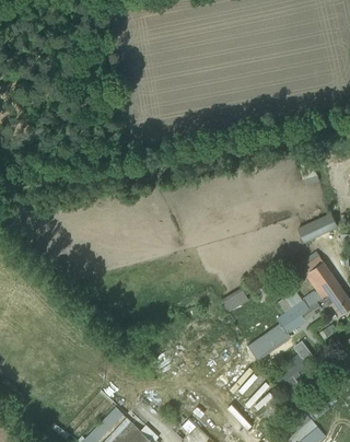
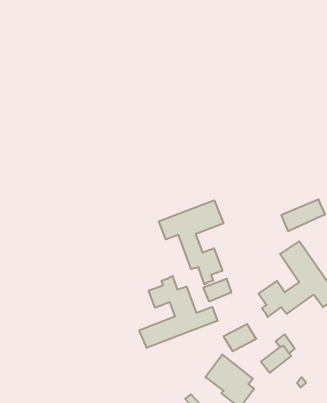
building: none -> [159,200,223,285]
building: none -> [139,276,218,348]

